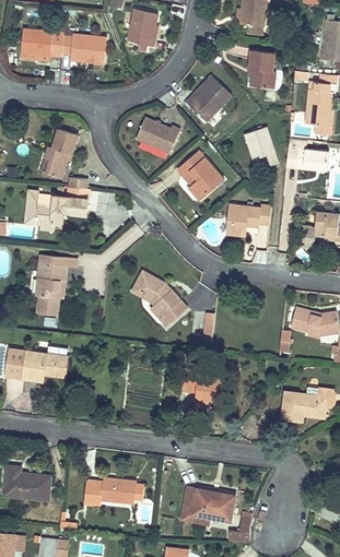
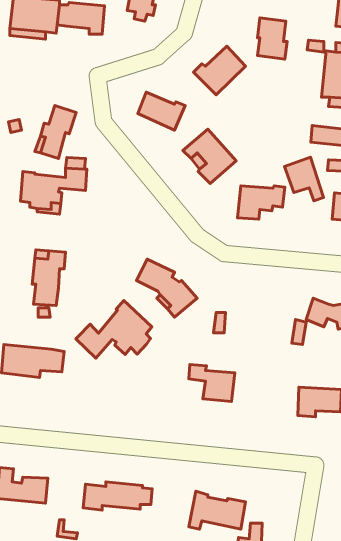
building: [241,128,277,168] -> [284,157,323,201]
building: none -> [76,301,152,358]

